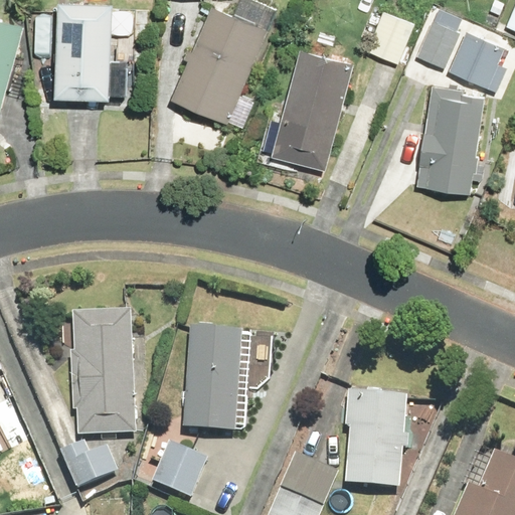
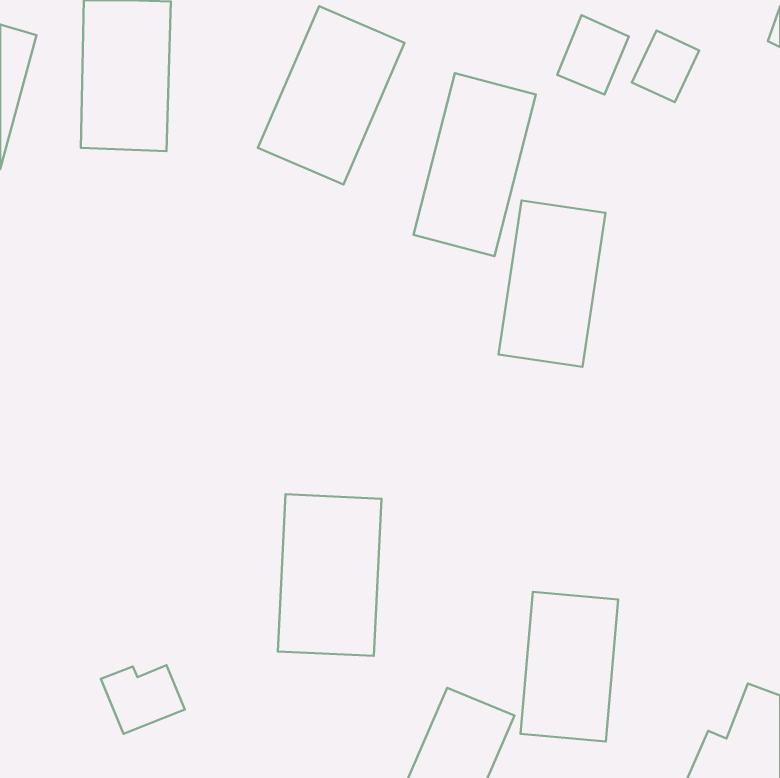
building: [449,32,507,93] -> none
building: [415,84,486,194] -> [499,201,605,367]
building: [71,310,138,439] -> none
building: [153,443,210,501] -> none

